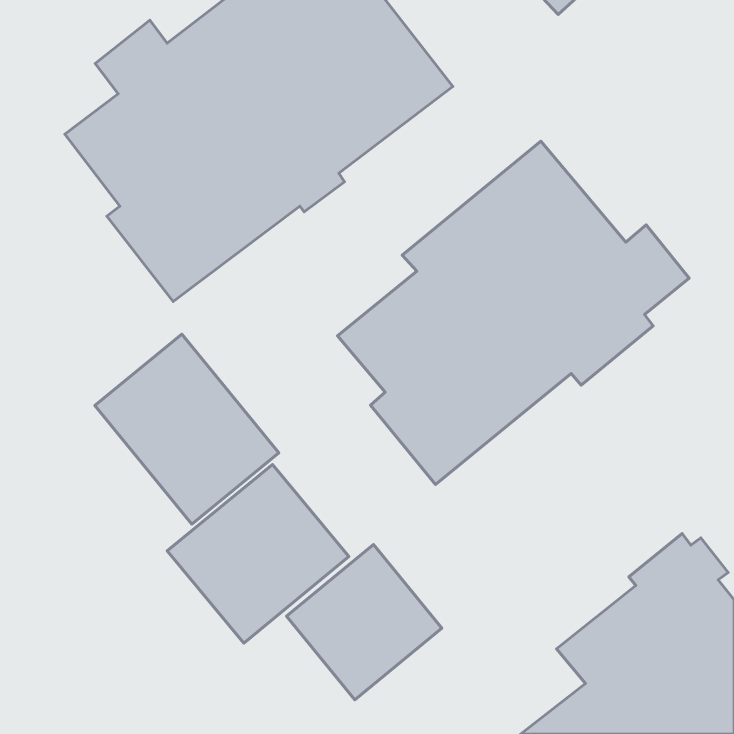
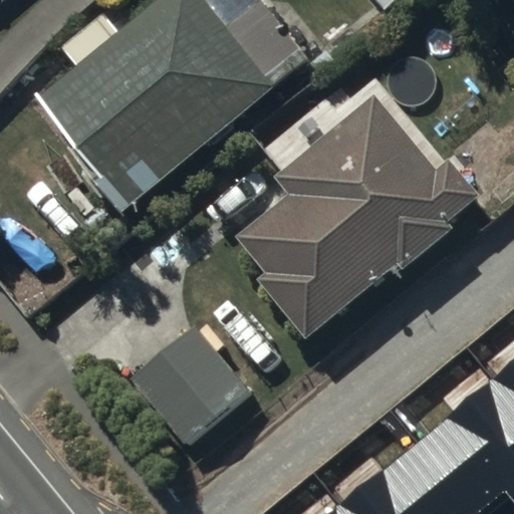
building: [95,334,279,524] -> none
building: [287,545,442,700] -> none

